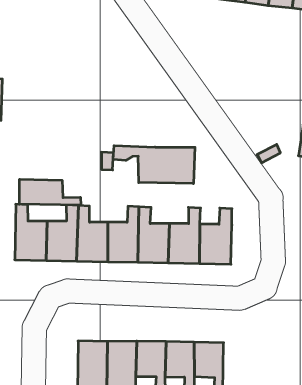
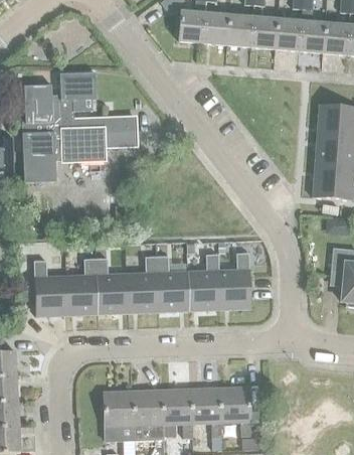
building: none -> [22,70,137,180]
building: [113,146,195,184] -> none
building: [19,179,81,205] -> none

